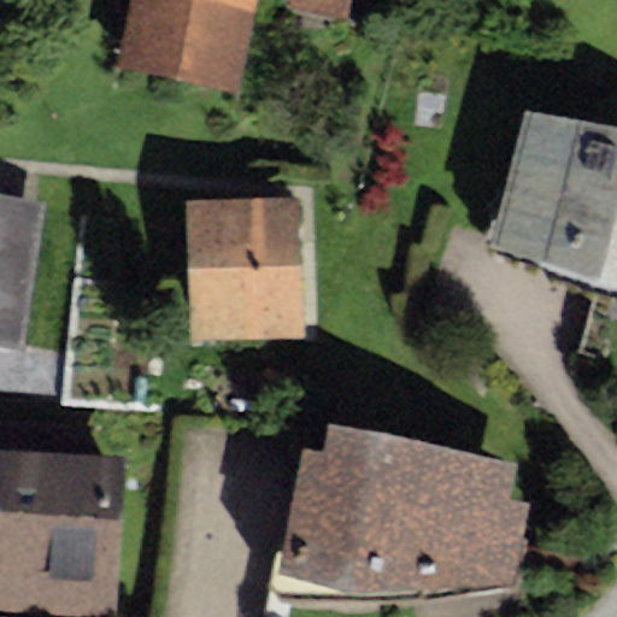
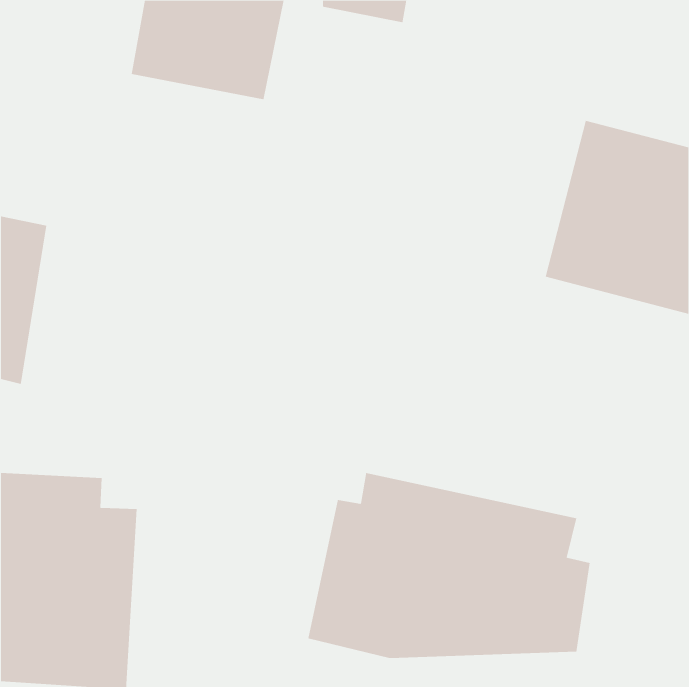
building: [184,199,301,342] -> none

